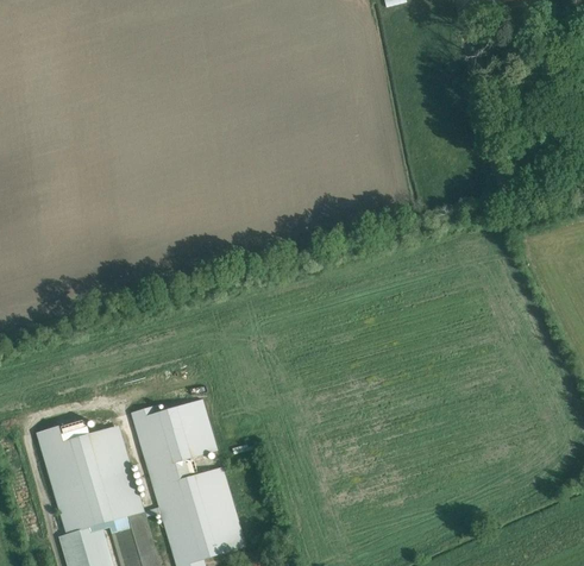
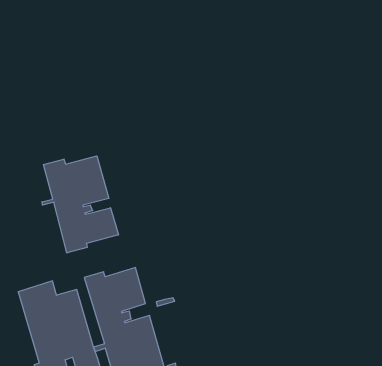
building: none -> [42,156,118,253]

